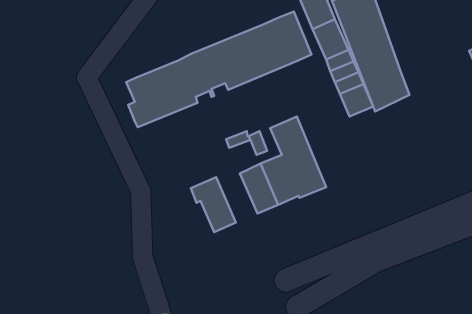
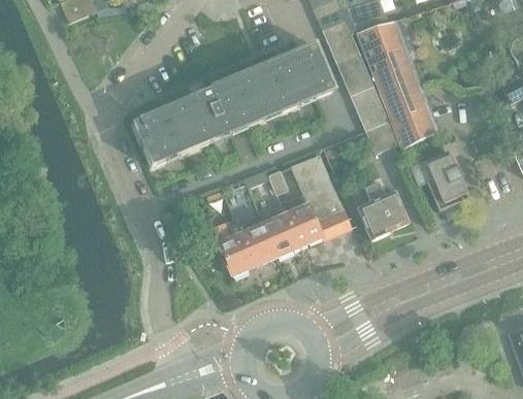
building: none -> [411,148,468,209]
building: none -> [358,179,410,239]
building: none -> [235,212,279,264]

